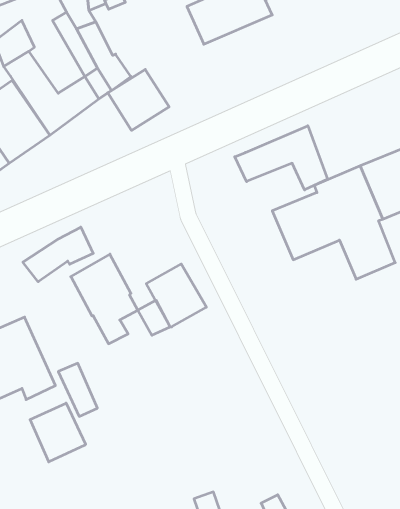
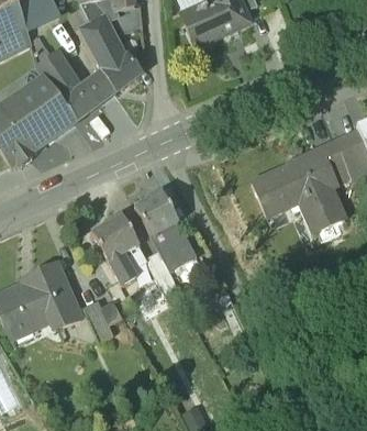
building: [108,69,169,130] -> none
building: [235,126,328,190] -> none
building: none -> [135,189,179,235]
building: [23,227,93,282] -> none
building: [30,403,86,462] -> none

